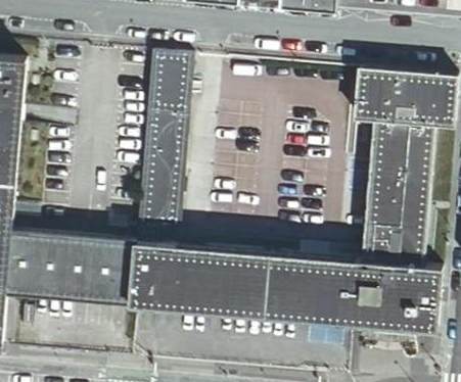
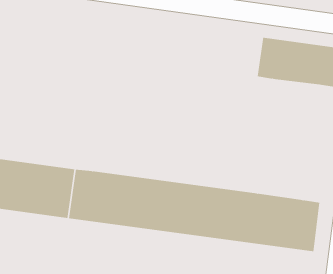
building: [134,53,189,247] -> none
building: [361,122,430,269] -> none

